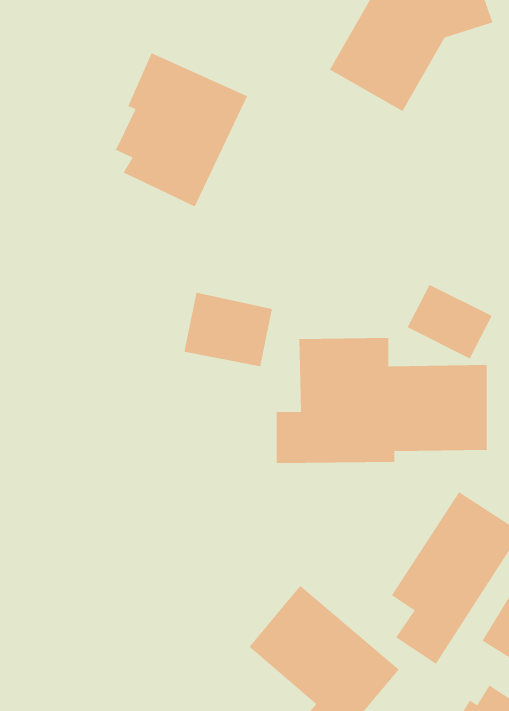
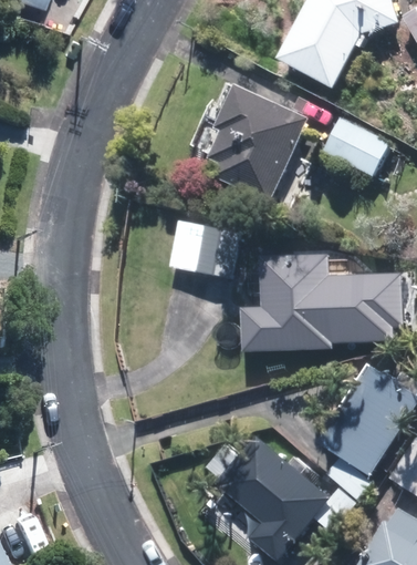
building: [115,52,248,208] -> [212,86,310,201]
building: [407,284,493,359] -> [326,119,389,174]

